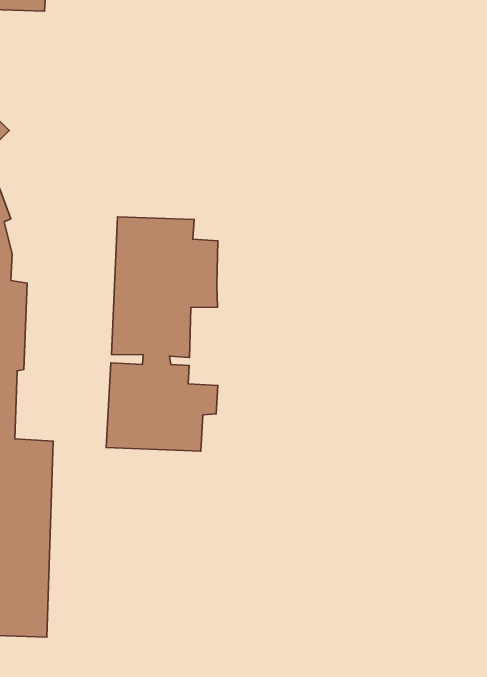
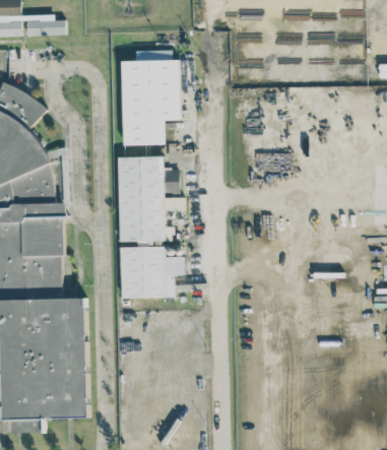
building: none -> [120,51,182,145]

